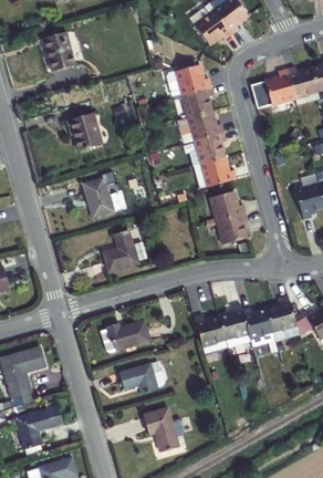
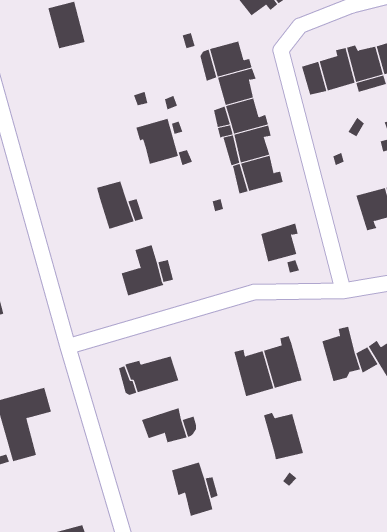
building: [66,113,102,150] -> [136,118,179,164]
building: [210,191,246,221] -> none
building: [242,308,275,346] -> [263,412,304,460]
building: [17,407,62,448] -> none

